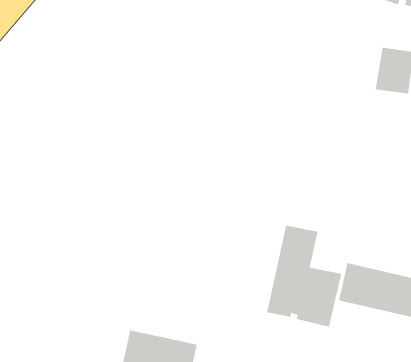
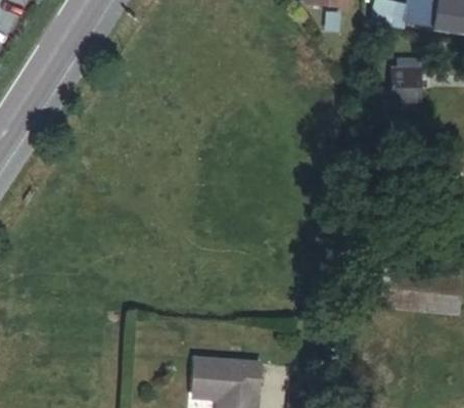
building: [267,225,342,327] -> none

